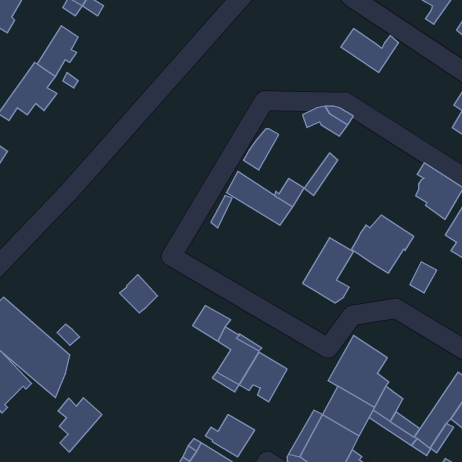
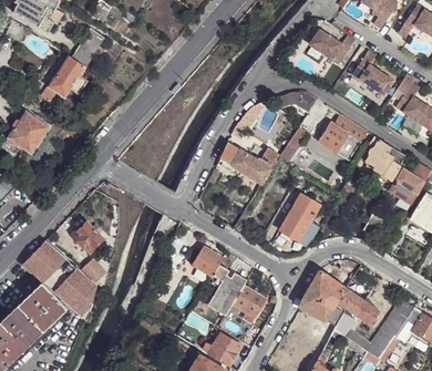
building: none -> [353,50,394,95]
building: [352,215,414,273] -> [319,114,368,159]
building: [120,275,158,313] -> [72,221,102,251]
building: none -> [338,288,381,326]
building: [58,398,102,452] -> none

